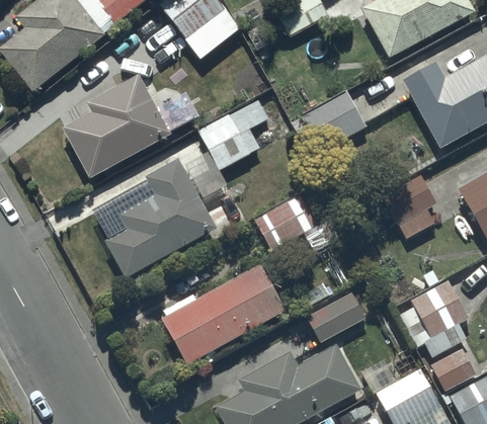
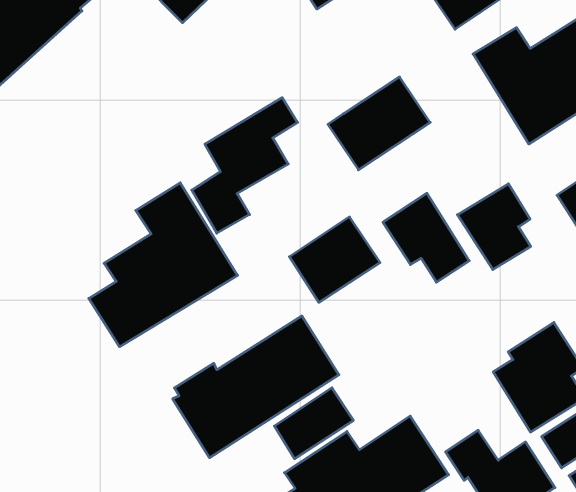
building: [61,73,174,179] -> none
building: none -> [383,193,469,282]
building: [308,292,367,343] -> [274,388,353,459]

